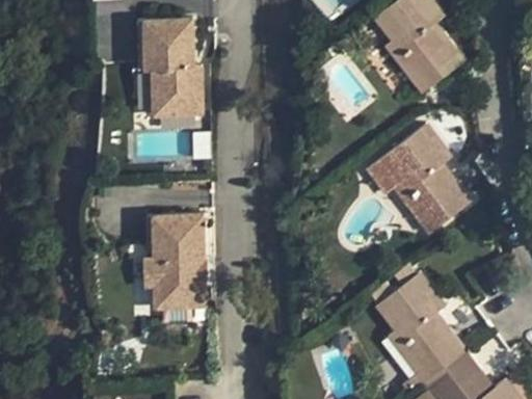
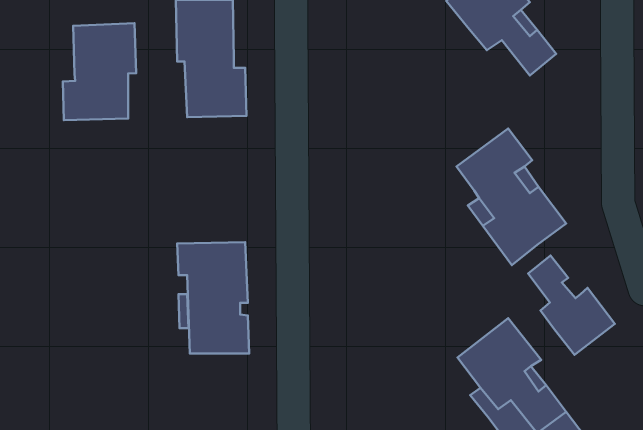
building: none -> [63,23,136,120]
building: [378,41,436,96] -> none
building: none -> [528,255,615,355]

